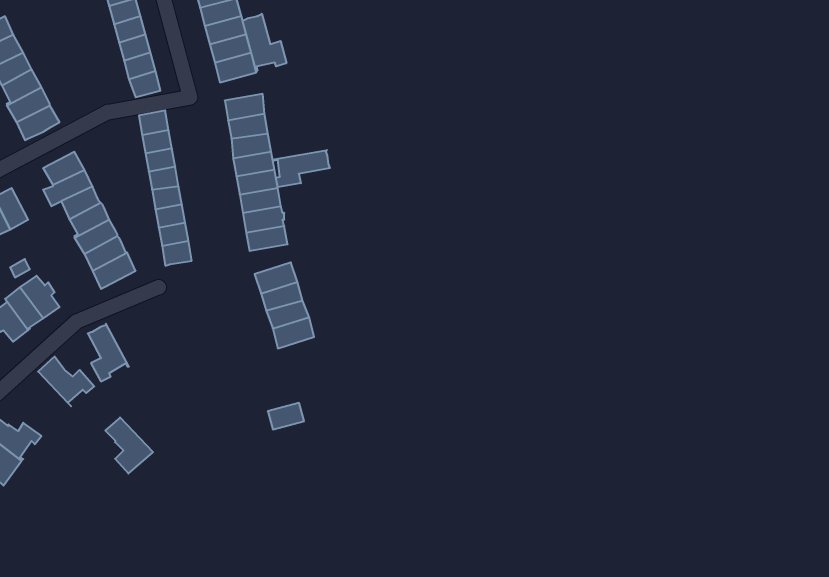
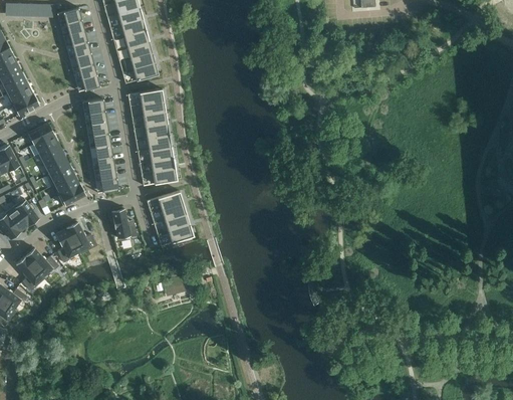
building: [242,14,286,72] -> none
building: [273,150,330,187] -> none
building: none -> [110,209,136,238]
building: none -> [65,223,95,254]
building: [105,417,153,474] -> [15,257,44,291]

